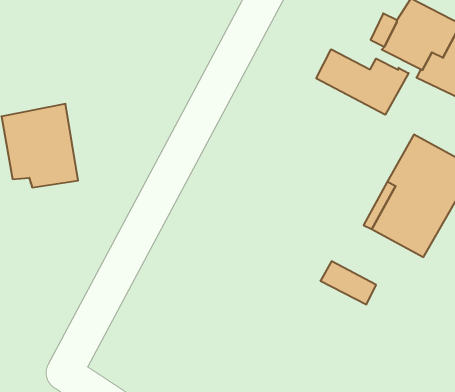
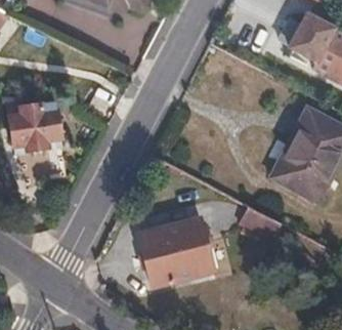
building: [316,49,409,115] -> none
building: none -> [139,217,212,285]

